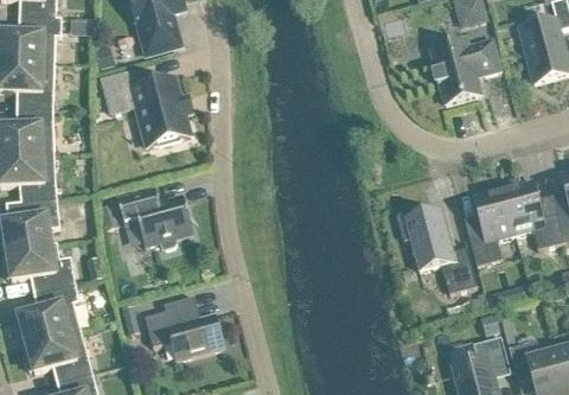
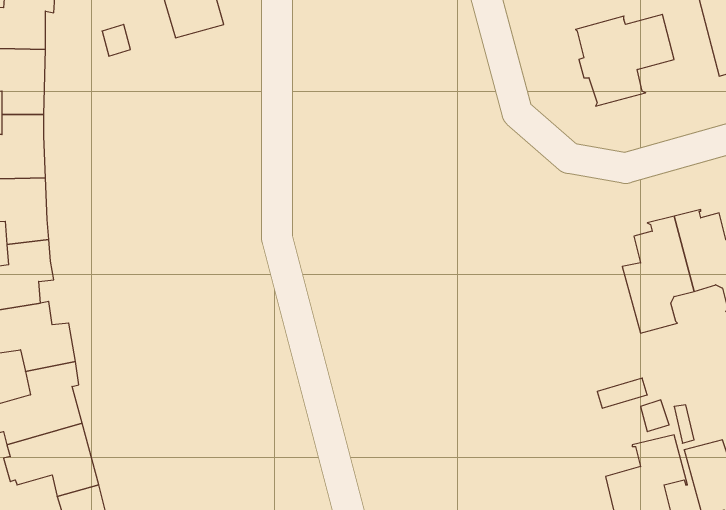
building: [101,69,190,145] -> none
building: [116,190,192,248] -> none
building: [397,205,477,292] -> none
building: [143,295,223,358] -> none

